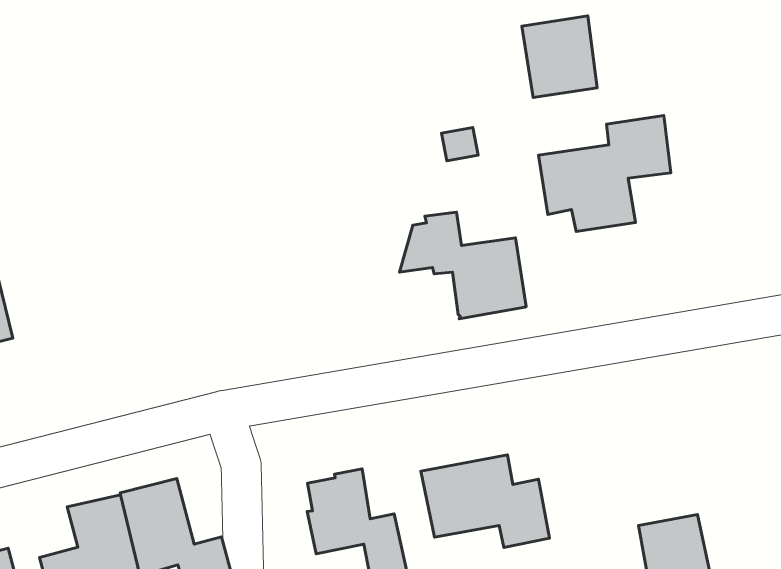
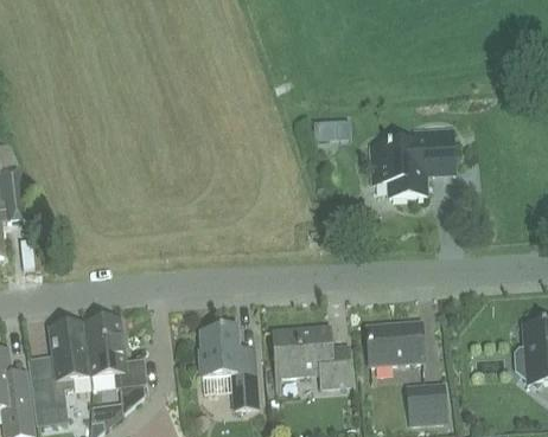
building: [522,16,597,97] -> none
building: [400,212,526,319] -> none
building: none -> [368,322,423,366]

